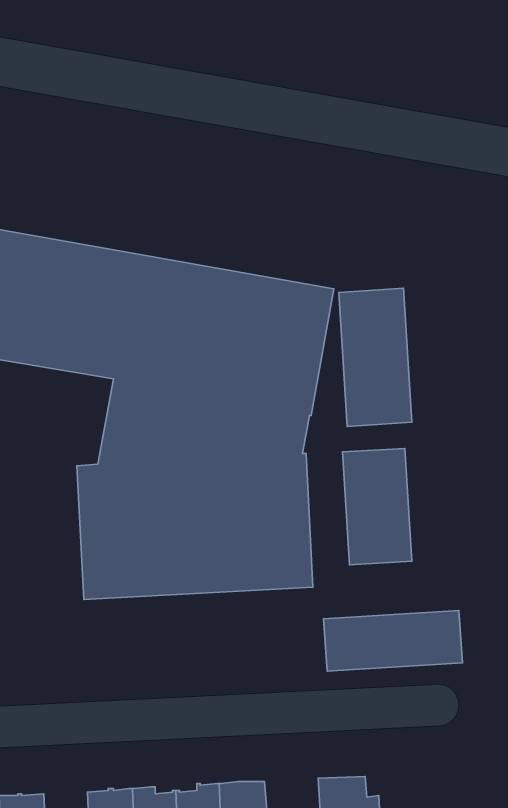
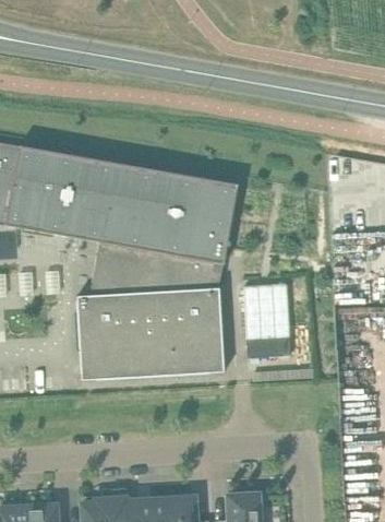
building: [339,288,412,427] -> none
building: [324,611,462,671] -> none

